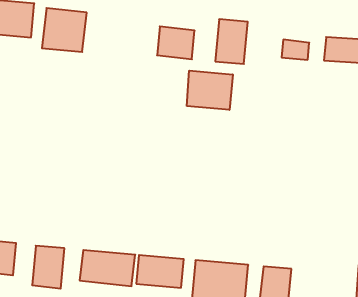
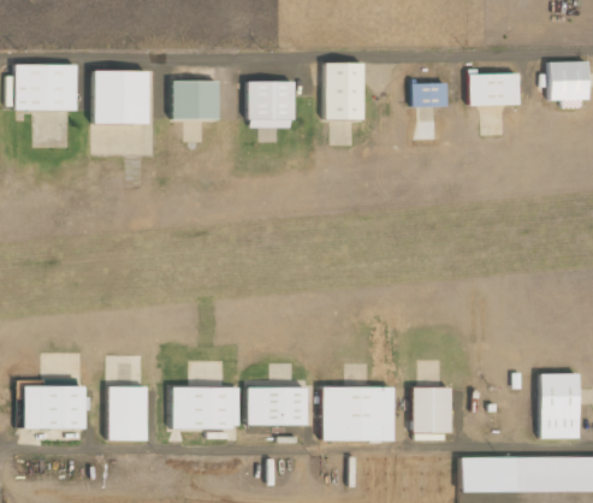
building: none -> [173,79,219,128]
building: [187,71,233,110] -> none

